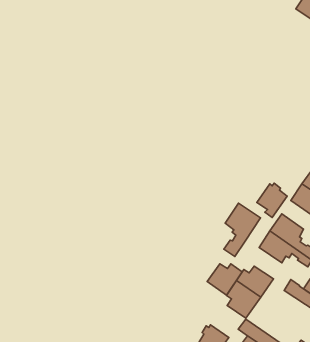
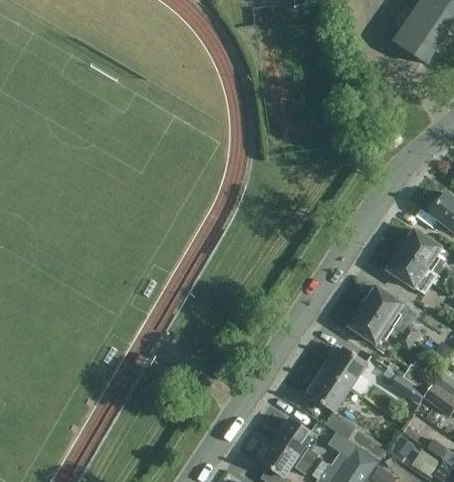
building: [257,183,287,217] -> none
building: [224,203,260,257] -> none
building: [207,264,242,295] -> none

